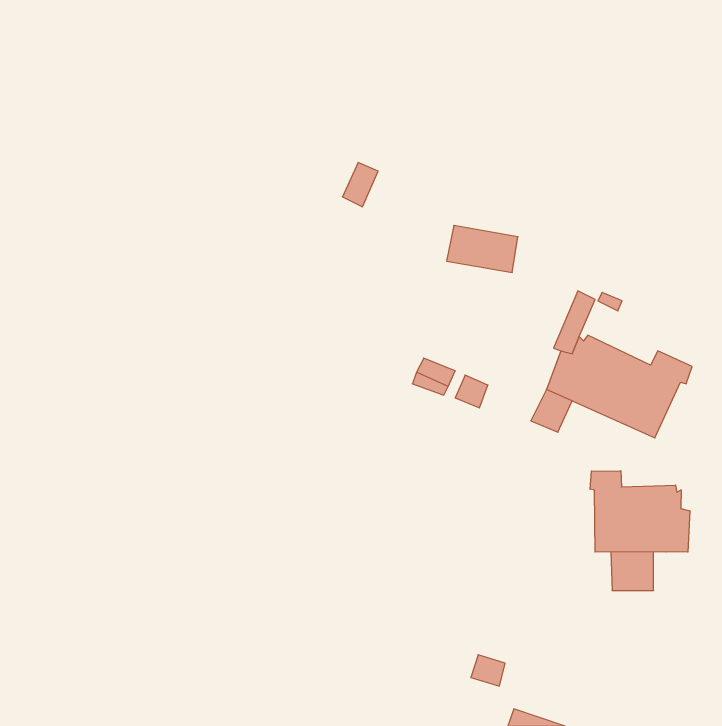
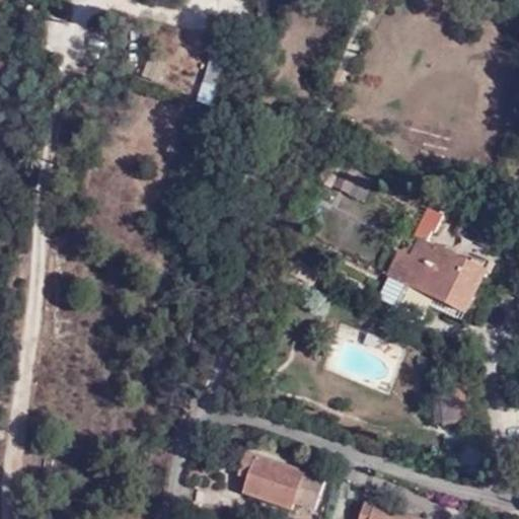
building: [590,471,690,552] -> none
building: none -> [238,453,324,511]

